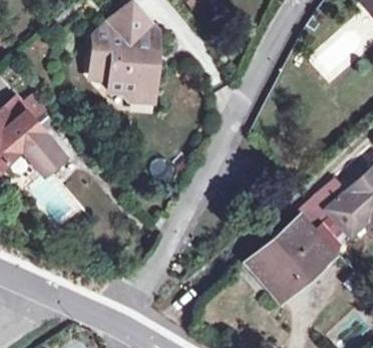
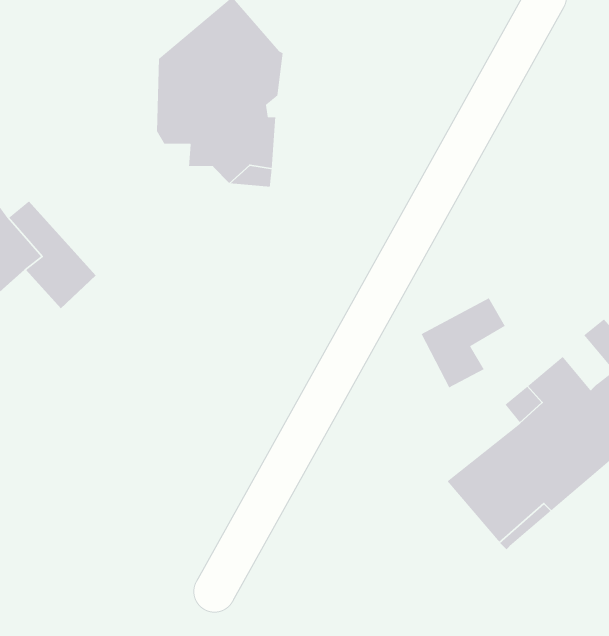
building: none -> [421,297,506,389]

